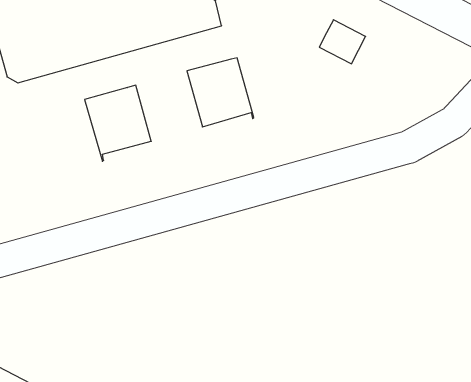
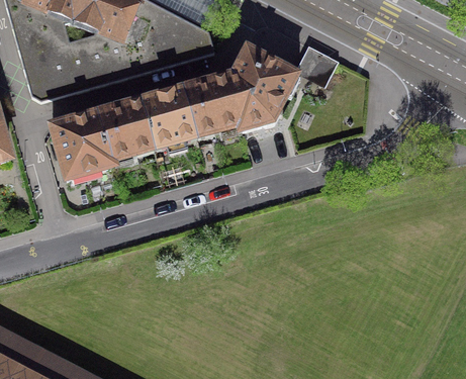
building: none -> [227,49,296,127]
building: none -> [142,88,198,148]
building: none -> [53,112,113,180]

